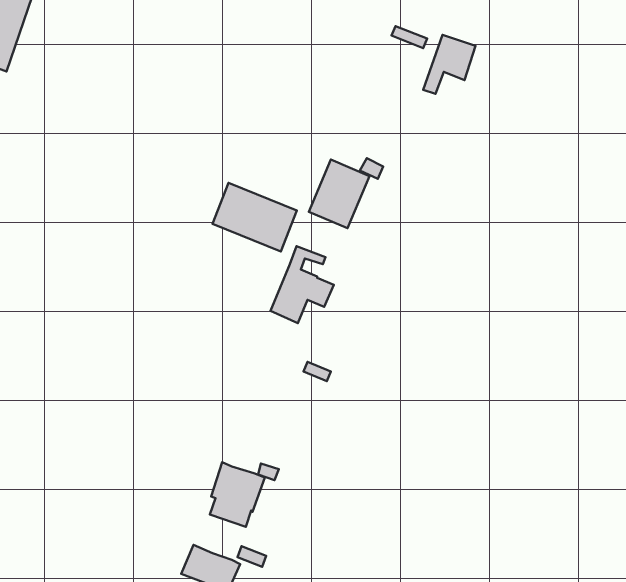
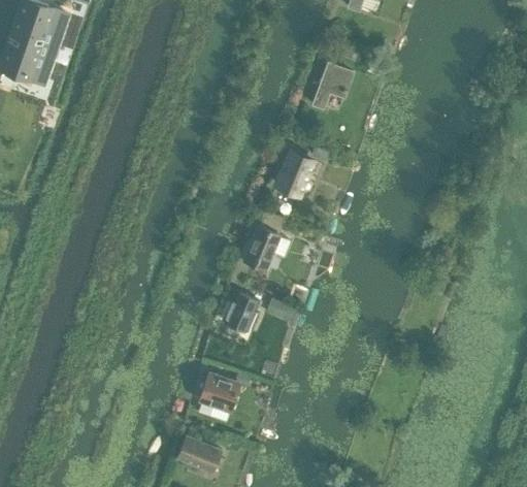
building: [423,35,475,94] -> [312,63,352,107]
building: [212,183,297,251] -> none
building: none -> [222,290,259,334]

